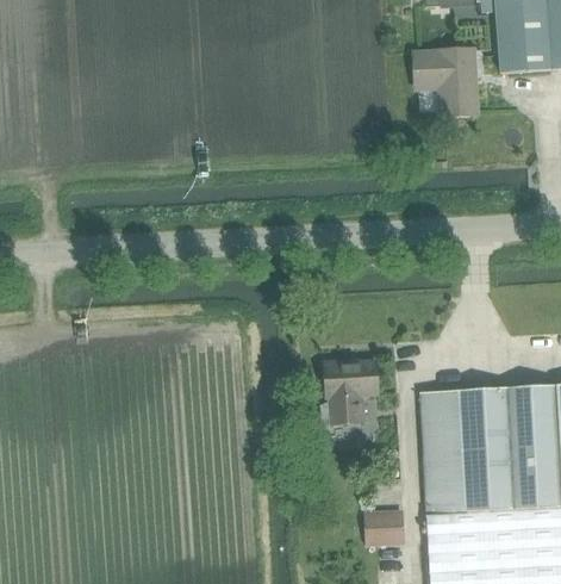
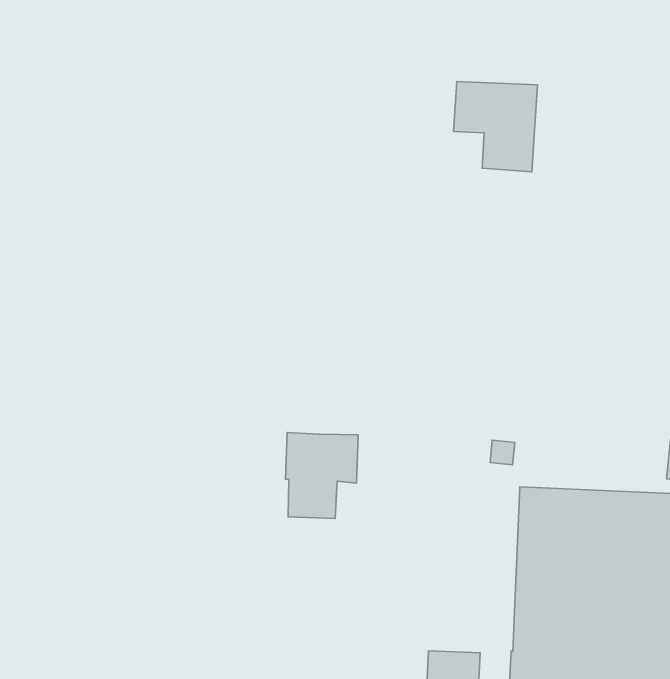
building: [414,49,476,114] -> [453,81,538,172]
building: [322,360,376,425] -> [286,432,358,518]

